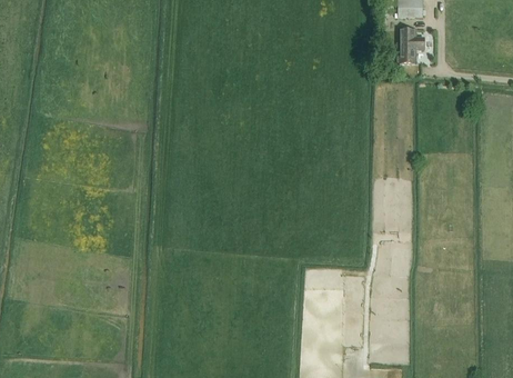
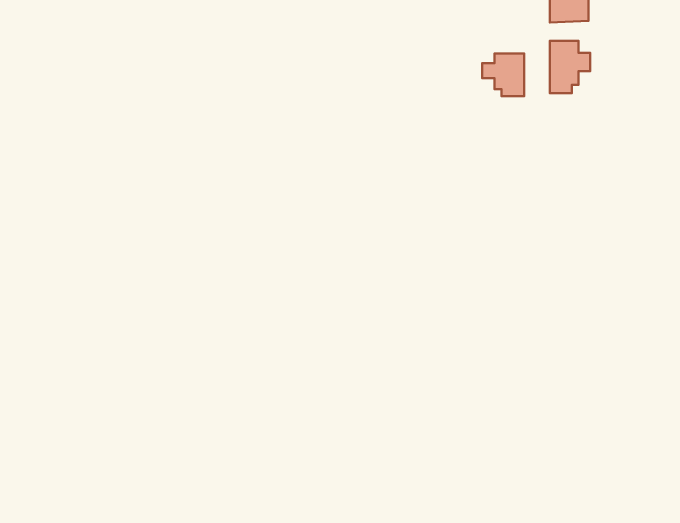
building: none -> [482,53,524,96]

